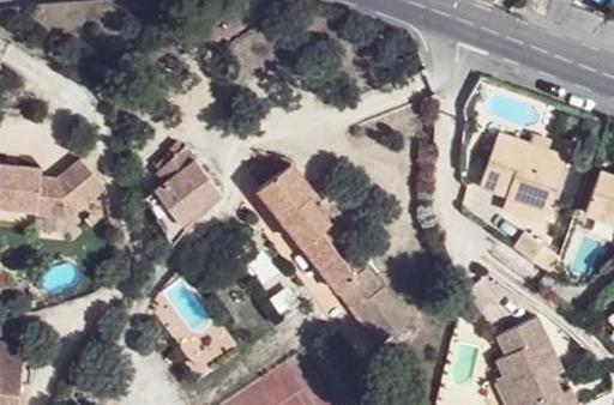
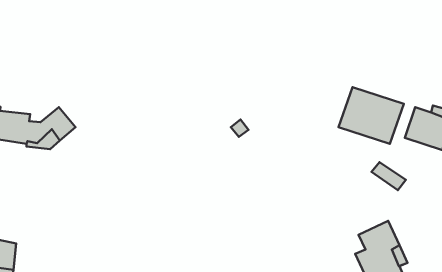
building: [144,147,221,242] -> none
building: [258,164,396,344] -> none

